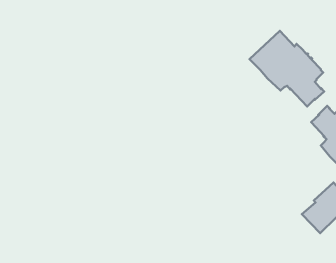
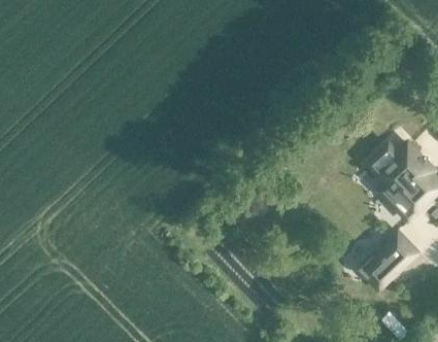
building: [250,31,324,106] -> none

